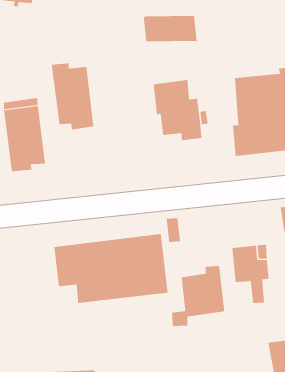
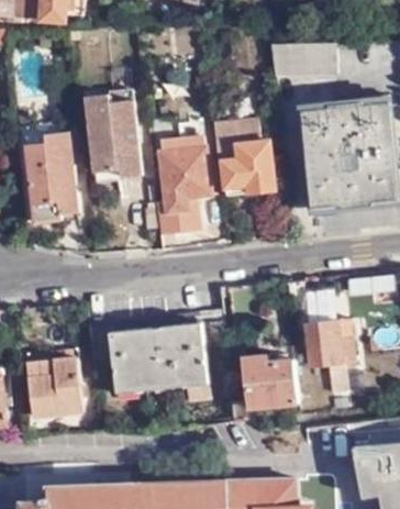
building: [143,15,198,42] -> [271,43,340,76]
building: none -> [155,139,209,237]
building: none -> [26,357,81,417]

